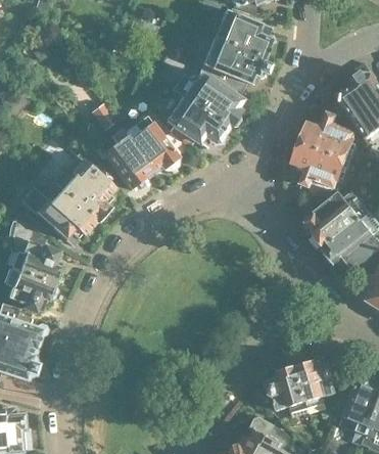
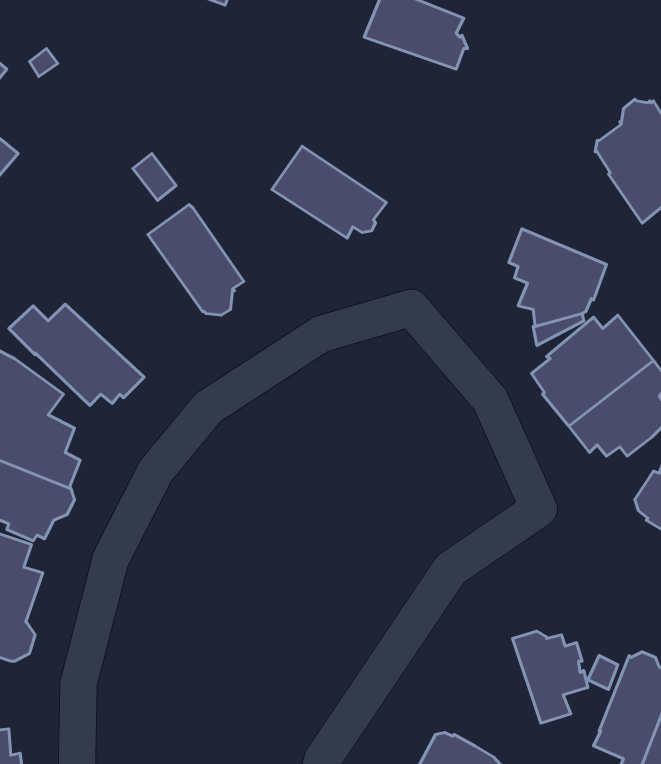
building: [203,39,267,85] -> none
building: [181,74,240,129] -> none
building: [122,111,188,174] -> none
building: [300,112,357,163] -> none
building: [50,146,116,224] -> none
building: [267,366,311,417] -> none

